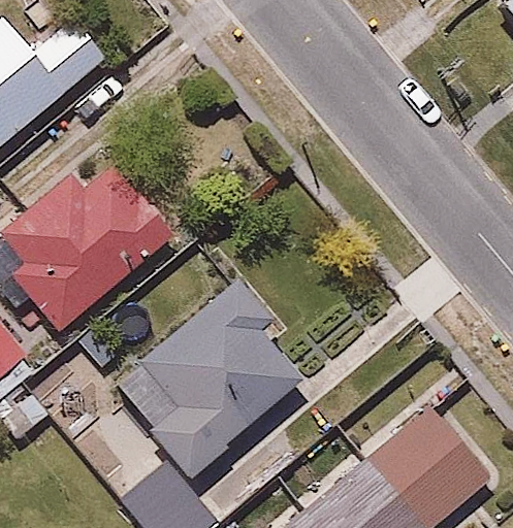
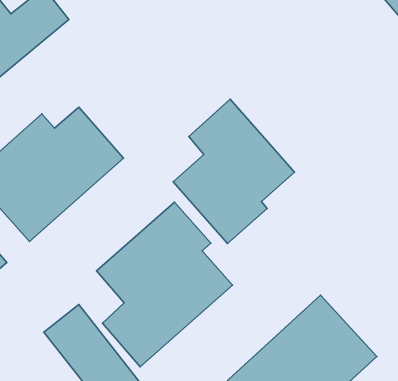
building: none -> [173,99,295,244]

